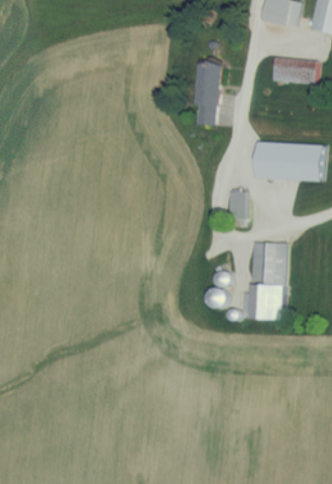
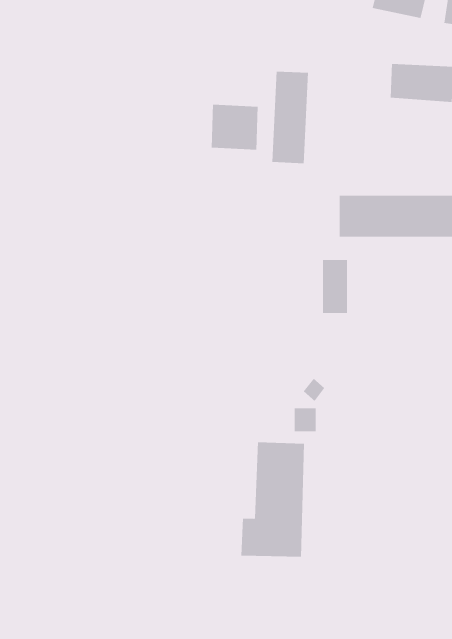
building: none -> [211,104,258,151]
building: [243,241,287,319] -> [241,442,305,557]

